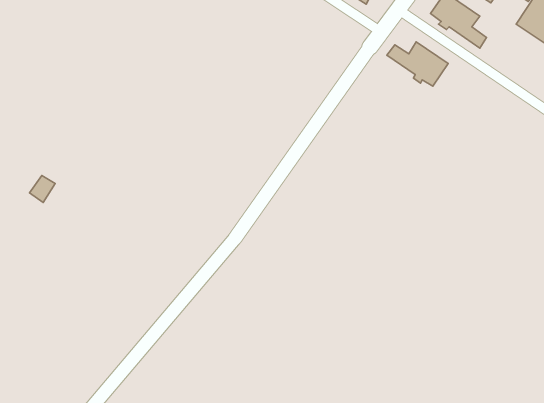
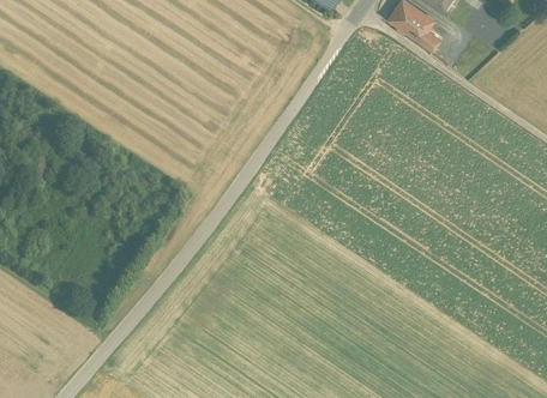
building: [387,42,448,86] -> none

